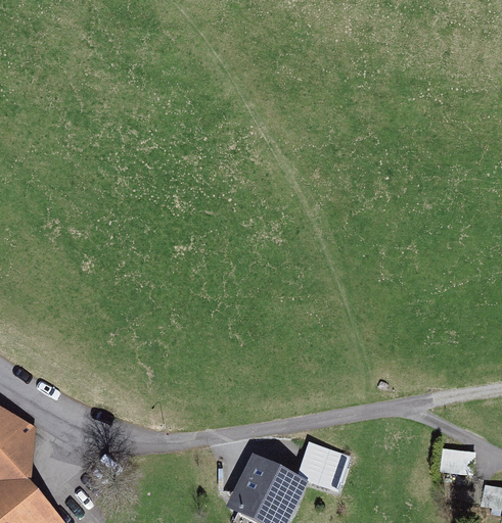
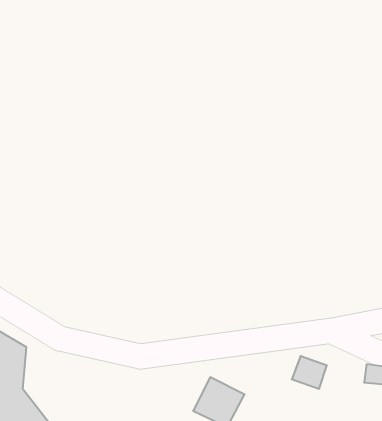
building: [302,445,344,484] -> [292,356,327,389]

